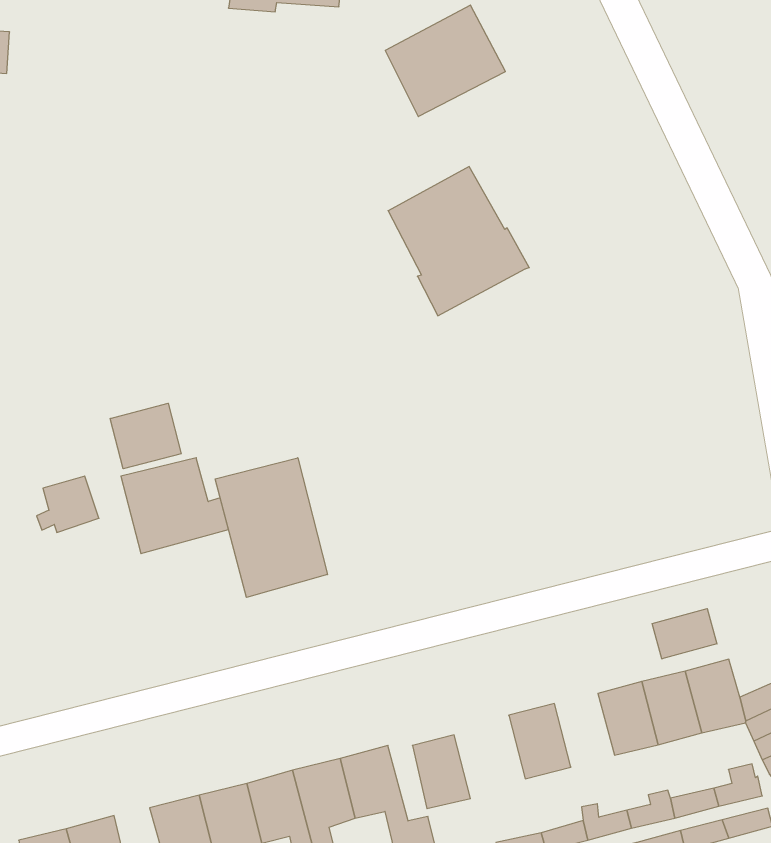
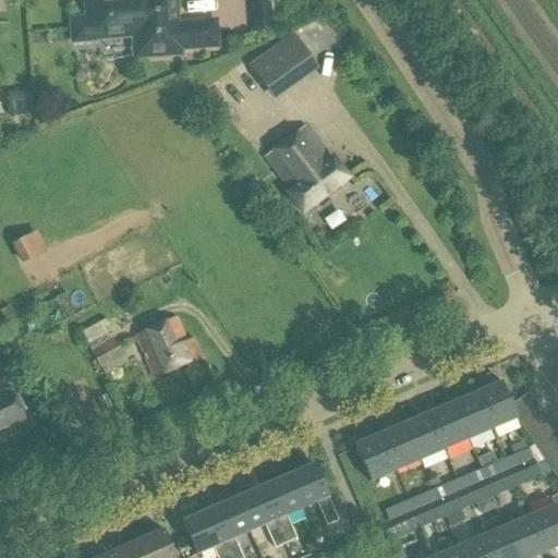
building: [110,403,181,469] -> none
building: [215,458,327,597] -> none
building: [652,609,717,659] -> none
building: none -> [405,413,445,458]
building: [412,735,470,809] -> [357,434,396,478]

